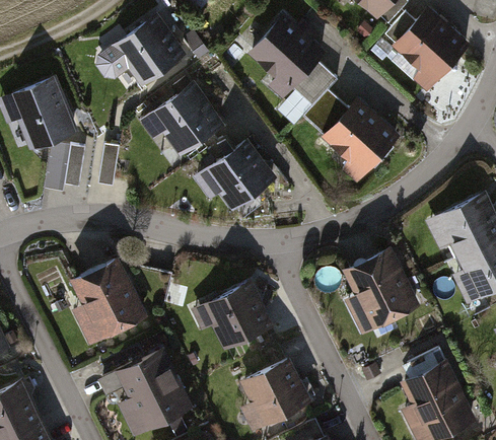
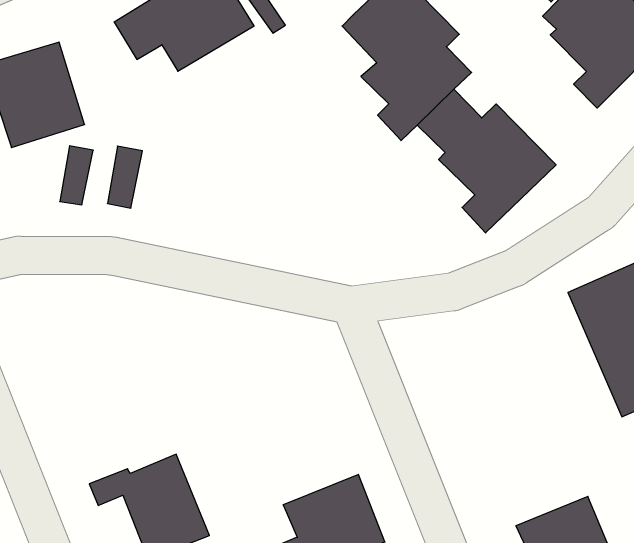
building: [141,81,231,158] -> none
building: [196,140,282,214] -> none
building: [338,246,415,336] -> none
building: [67,255,145,345] -> none
building: [187,279,272,351] -> none

